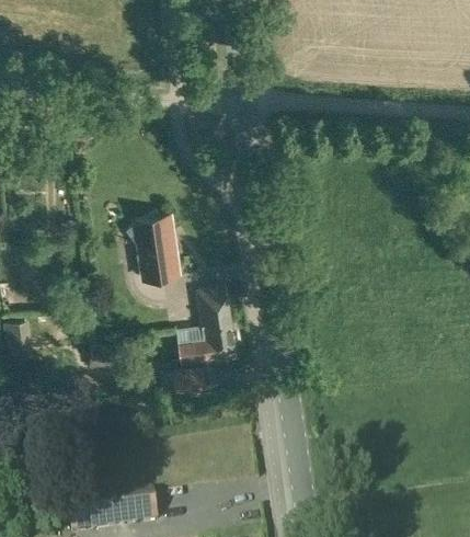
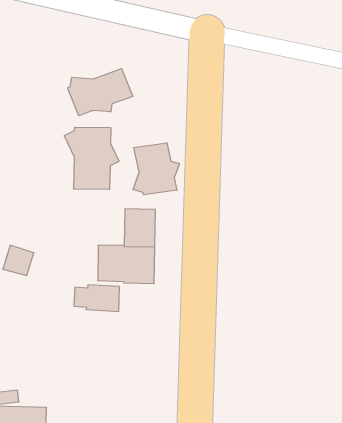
building: none -> [67,69,133,116]
building: none -> [133,143,179,195]

